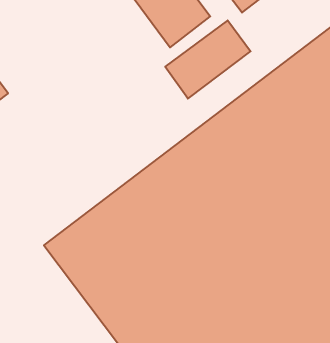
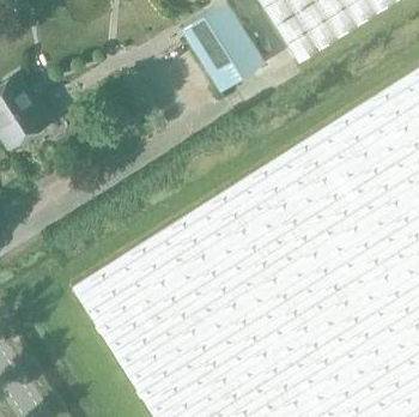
building: [165,20,251,99] -> none

